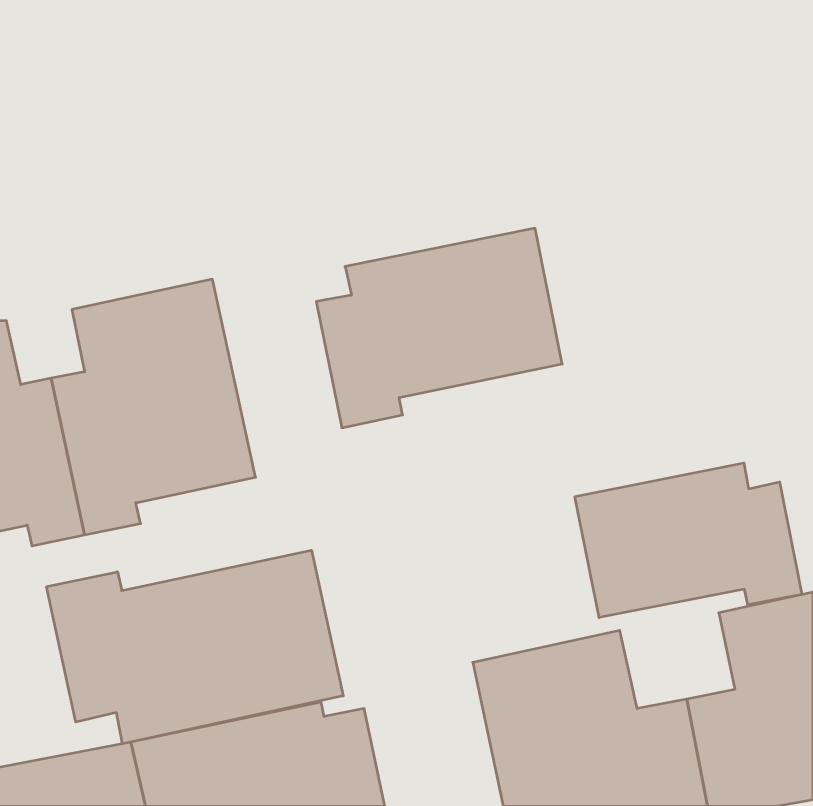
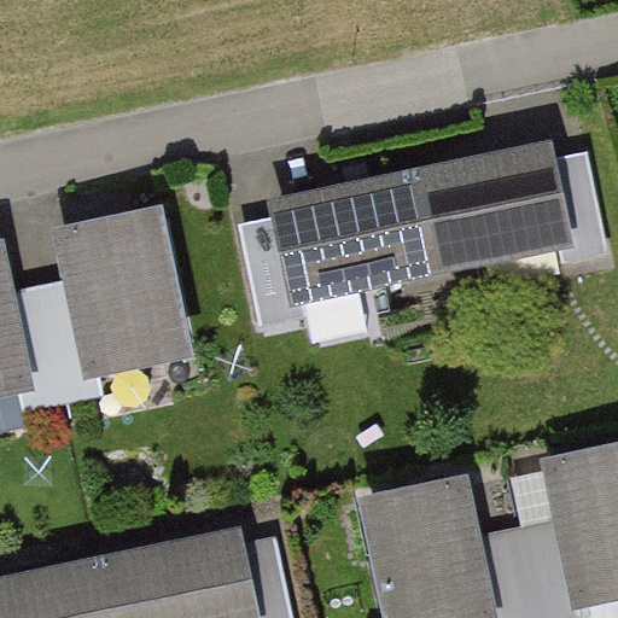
building: none -> [404,145,605,275]
building: [575,463,802,618] -> none
building: [47,550,343,744] -> none

